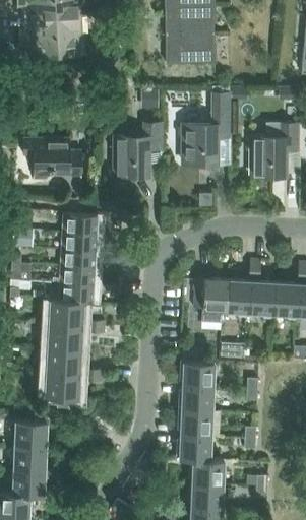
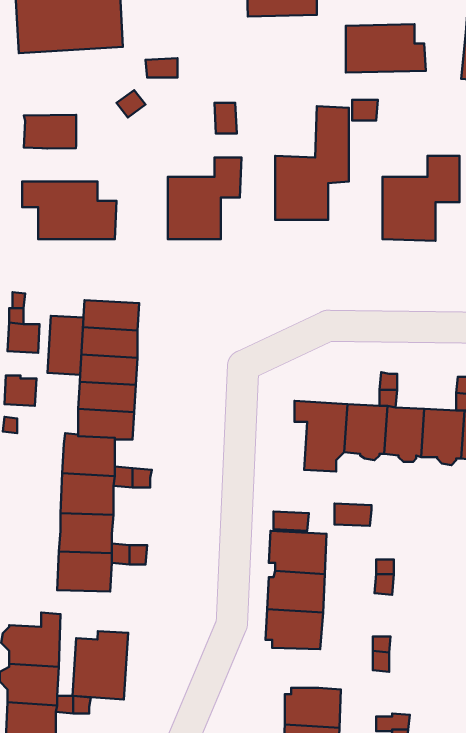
building: [166,34,217,64] -> [346,24,426,72]
building: none -> [24,115,76,148]
building: none -> [48,316,83,375]
building: none -> [72,631,128,700]
building: [176,435,211,460] -> none

